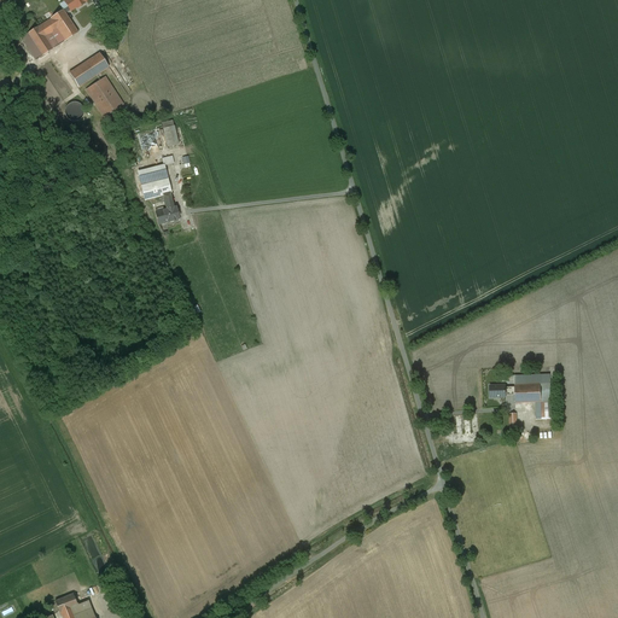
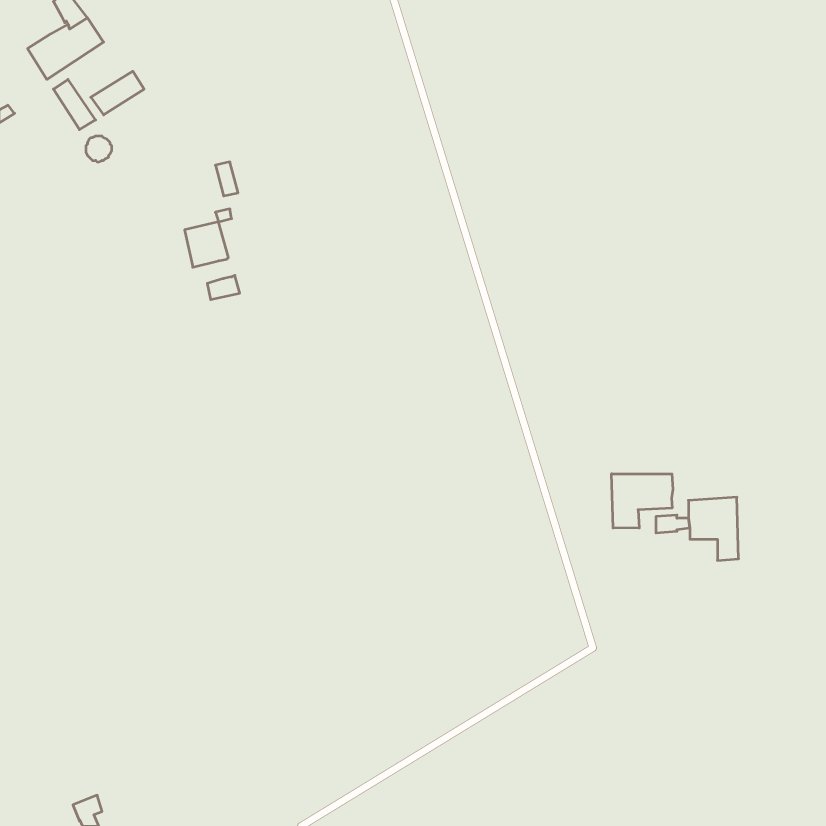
building: [84,76,122,116] -> none
building: none -> [612,474,673,528]

